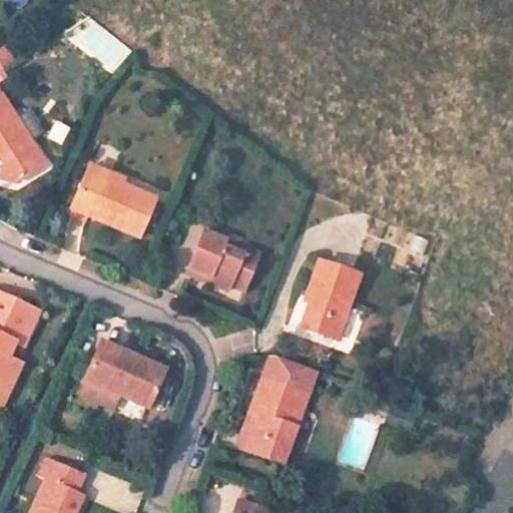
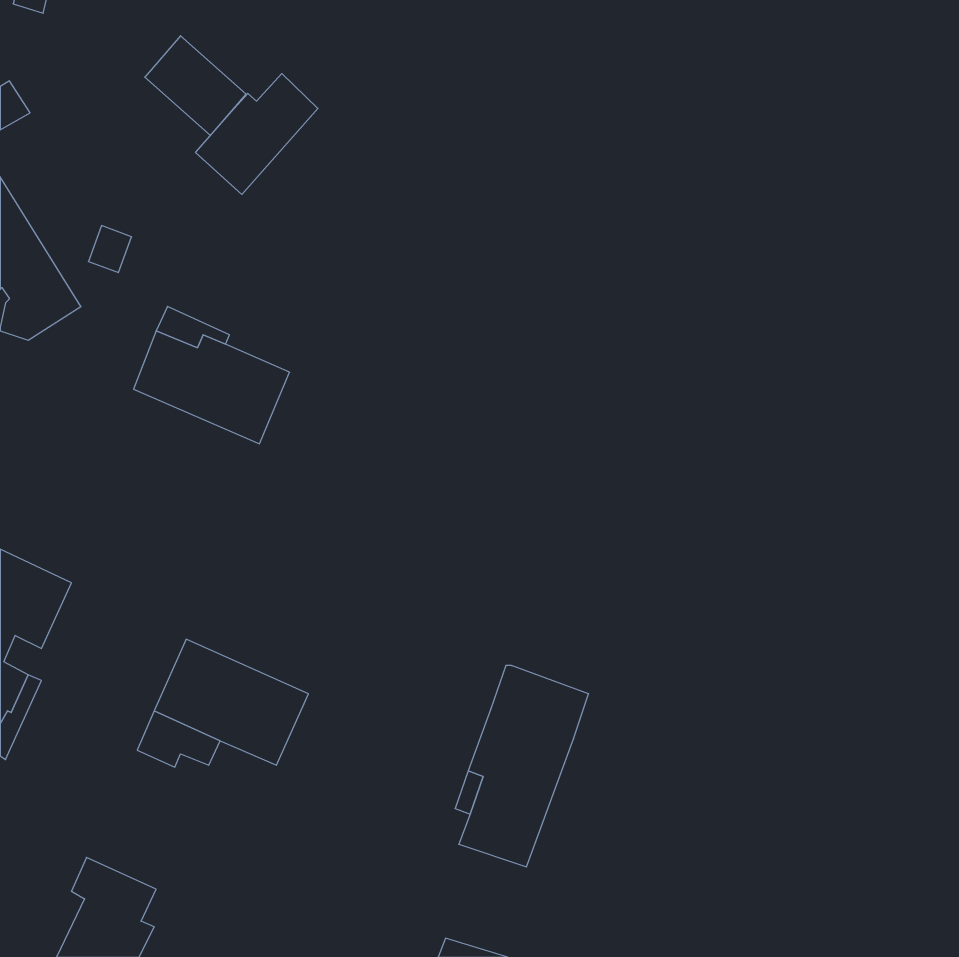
building: none -> [196,74,318,194]
building: [188,230,260,290] -> none
building: [301,260,359,339] -> none

